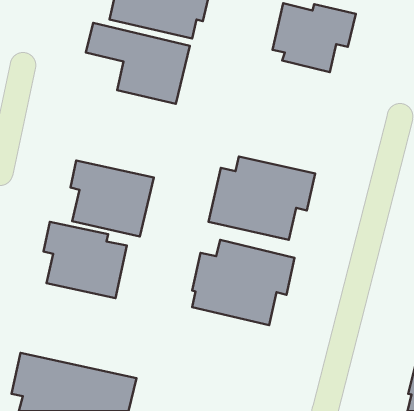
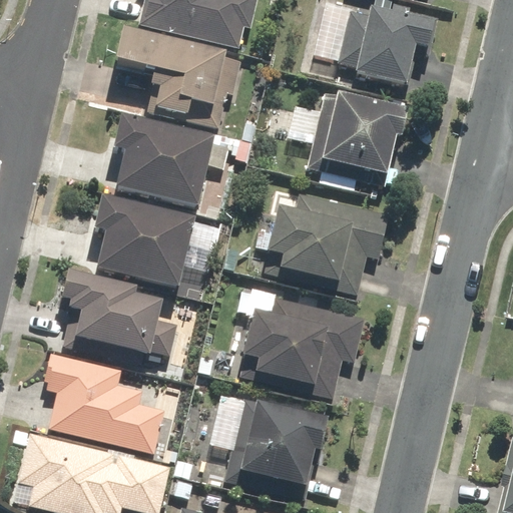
building: none -> [307,90,407,184]
building: none -> [110,116,213,209]
building: none -> [42,350,167,453]
building: none -> [224,396,327,498]

